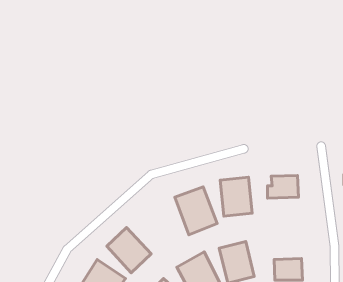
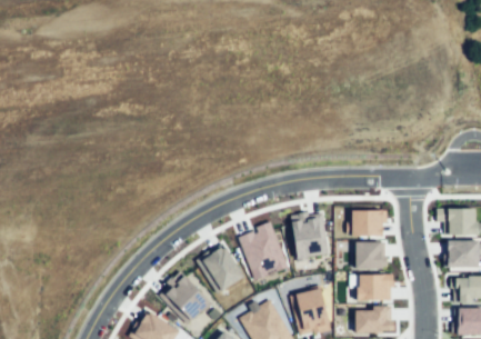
building: none -> [357,241,383,270]
building: none -> [198,243,244,293]
building: none -> [359,275,393,301]

